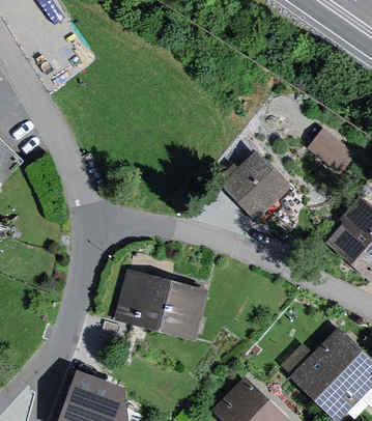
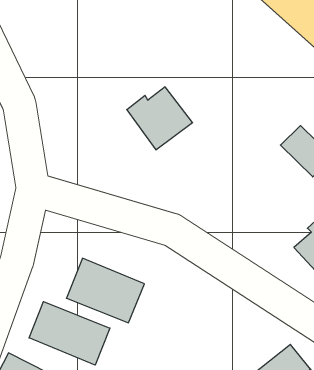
building: [220,156,283,216] -> [127,87,193,150]
building: none -> [29,302,110,365]

